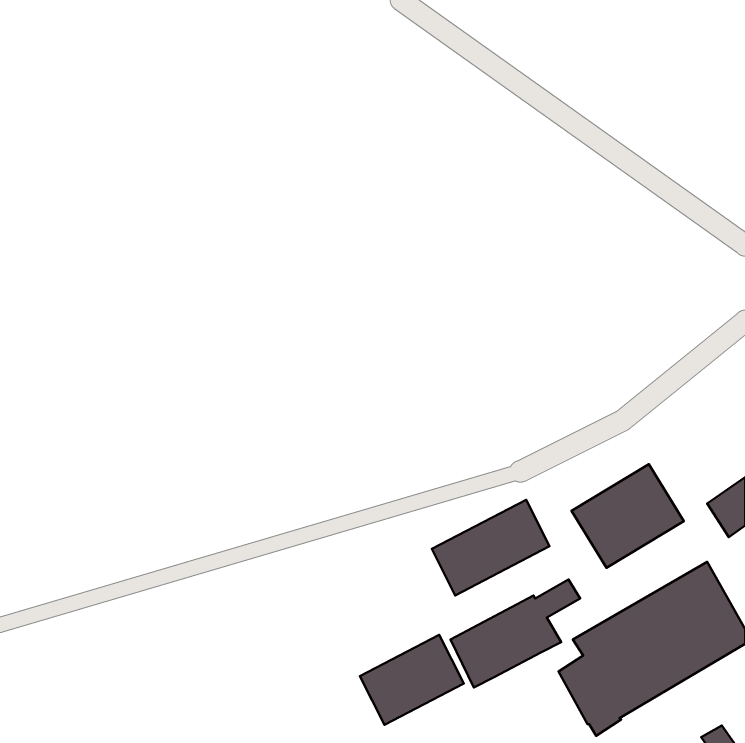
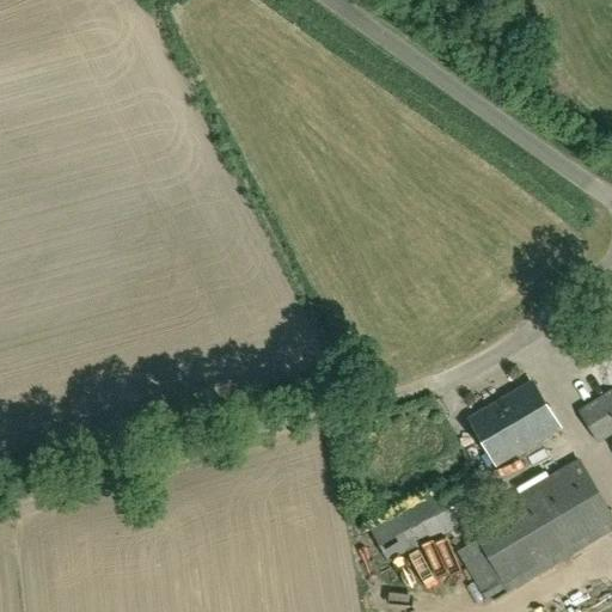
building: [432,500,549,595] -> none
building: [360,635,464,725] -> none

